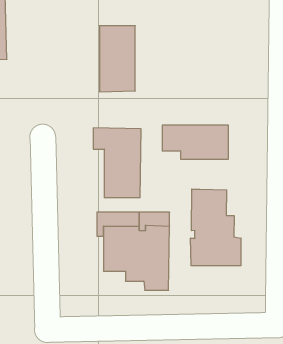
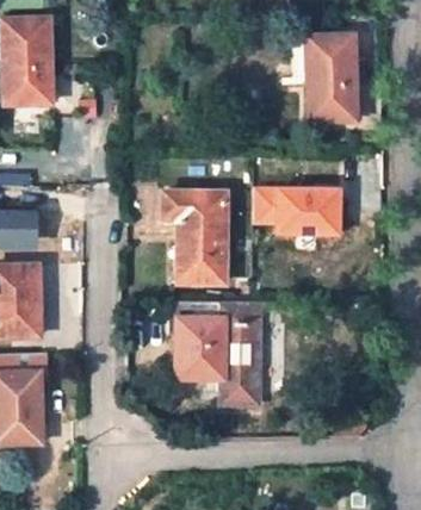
building: [99,26,135,92] -> [307,36,353,122]
building: [191,189,241,266] -> none

